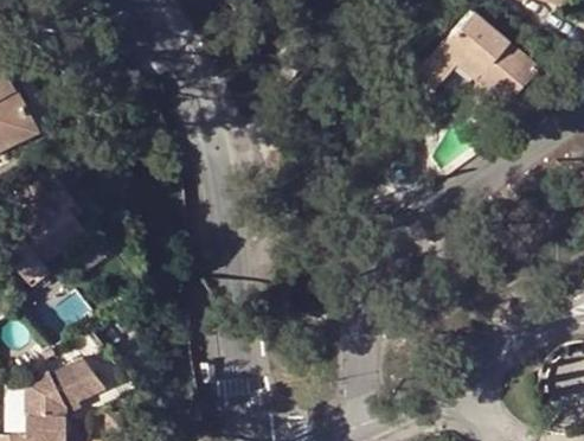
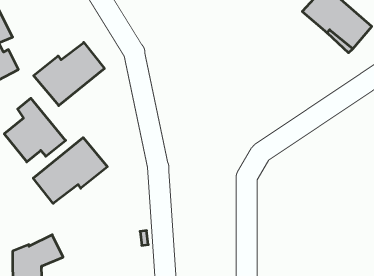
building: none -> [34,42,104,106]
building: none -> [33,138,107,203]

